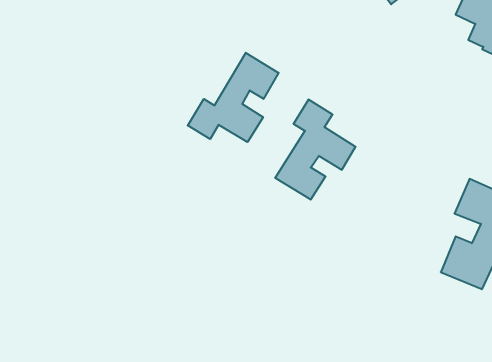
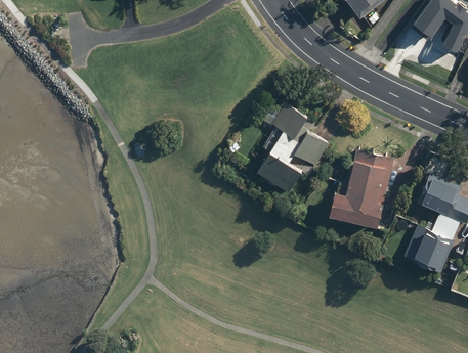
building: [188,53,279,142] -> none
building: none -> [329,148,393,227]

